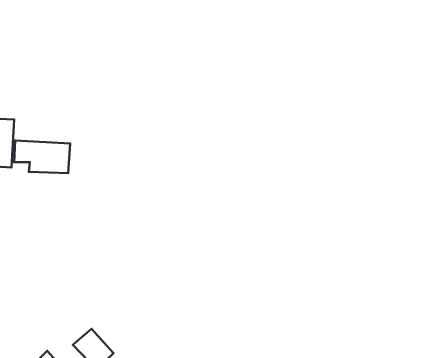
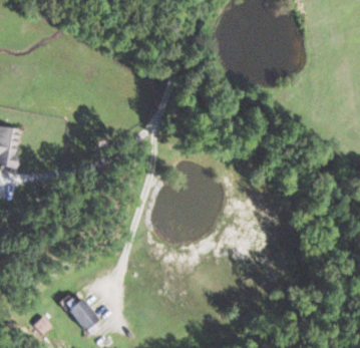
building: [14,141,70,173] -> none

